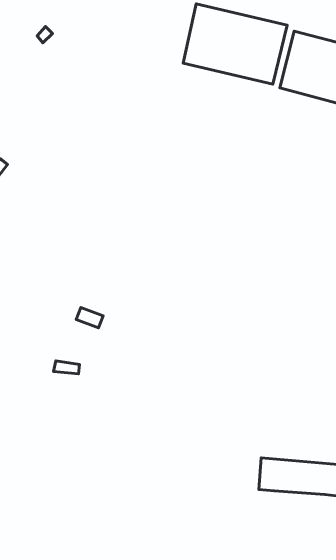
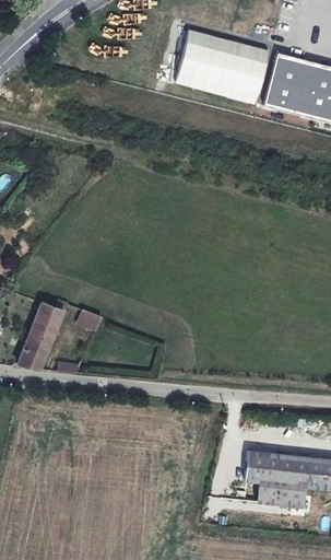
building: none -> [17,299,69,368]
building: none -> [259,480,308,506]

